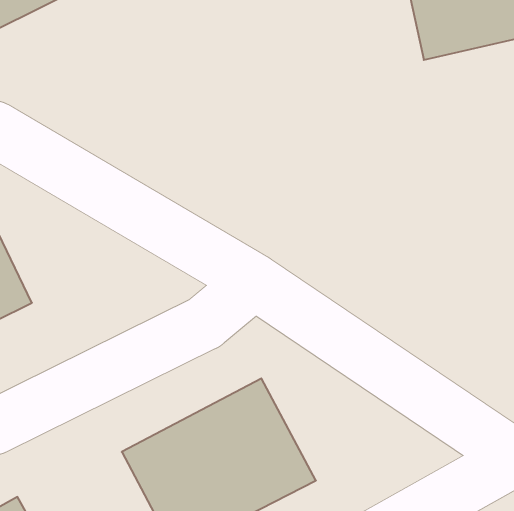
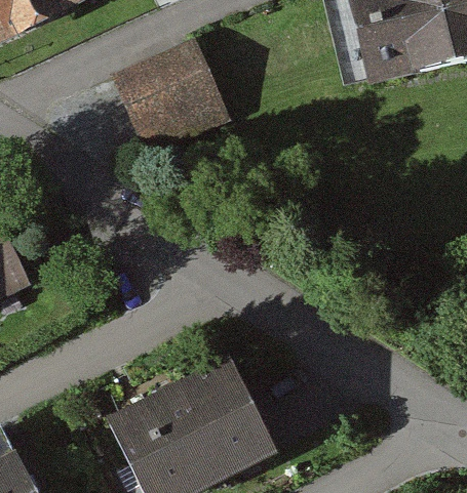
building: none -> [108,34,229,154]

